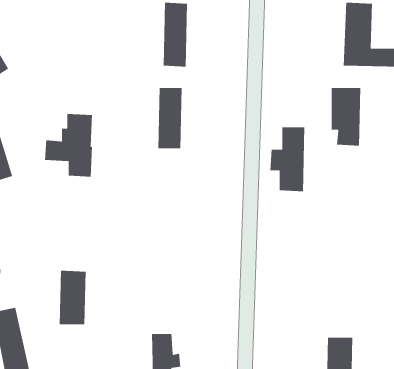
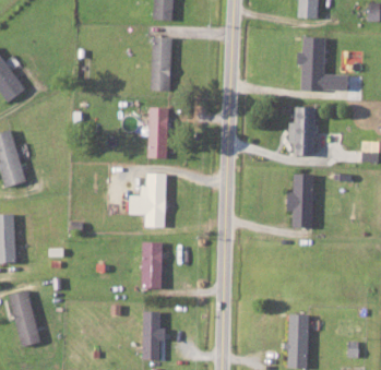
building: [44,113,93,178] -> [126,174,166,227]
building: [270,127,305,192] -> [284,174,313,228]
building: [59,270,86,325] -> [139,241,162,287]

